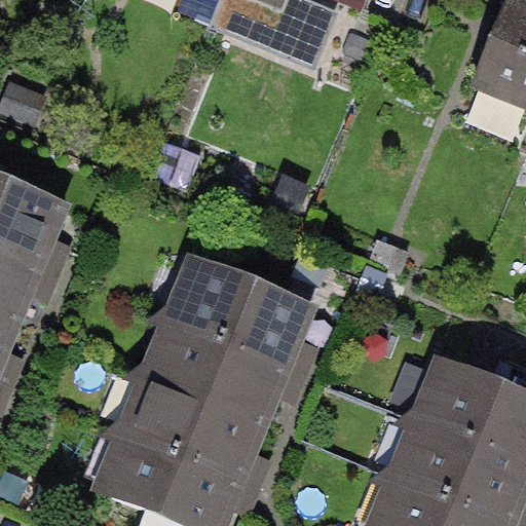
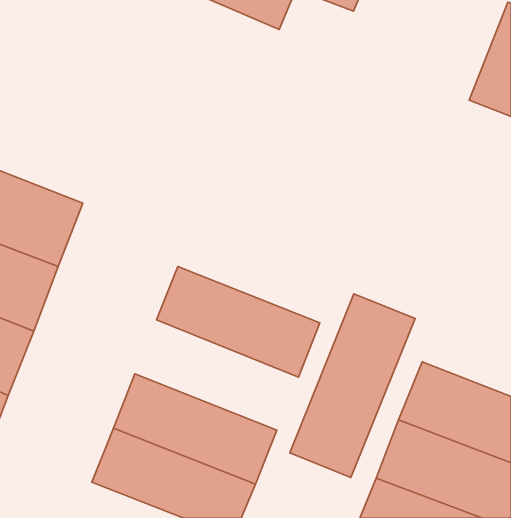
building: none -> [290,294,415,478]
building: [136,322,300,433] -> none

